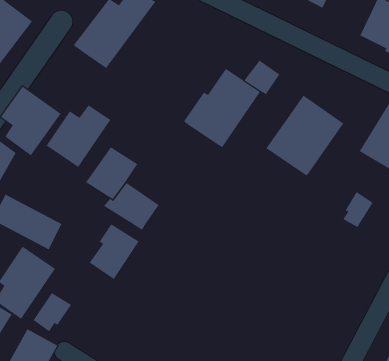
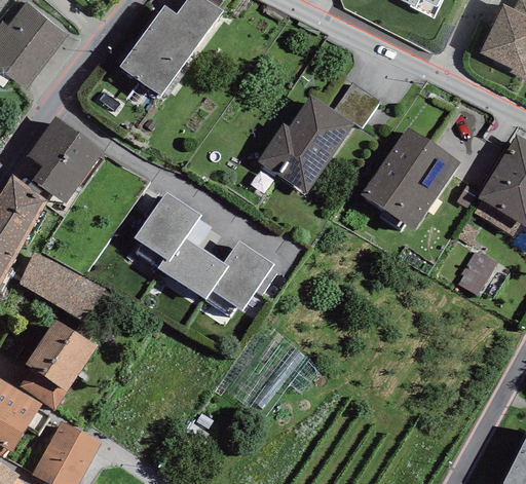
building: [46,104,111,168] -> none
building: [89,223,140,280] -> [211,240,274,311]
building: [33,292,72,332] -> none

